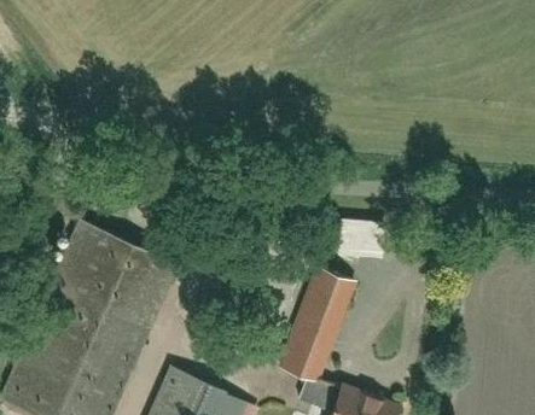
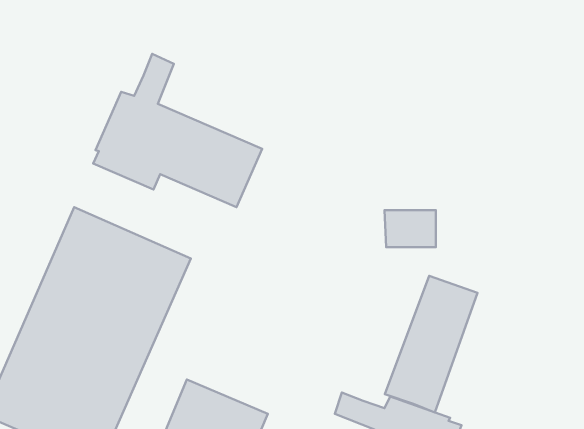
building: none -> [93,54,262,207]
building: [279,268,357,384] -> [385,276,477,413]

